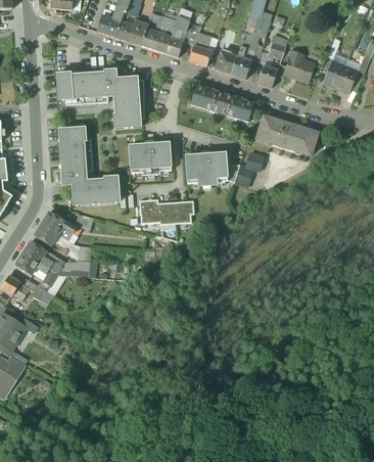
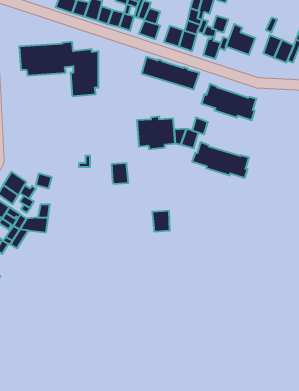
building: [59,123,120,204] -> none
building: [129,140,172,176] -> none
building: none -> [192,142,249,178]
building: [139,198,159,223] -> none
building: [175,200,194,223] -> [152,211,170,231]

